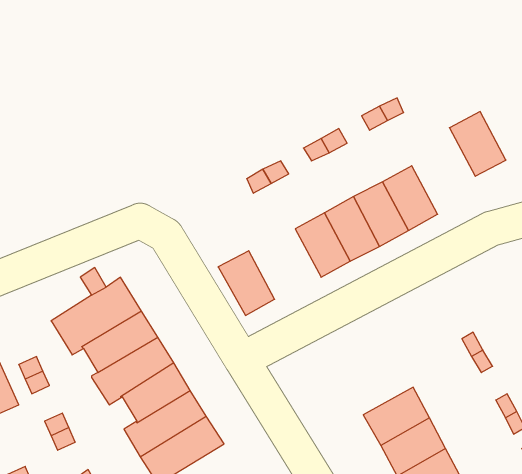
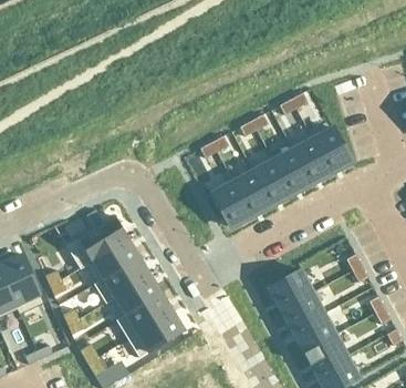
building: [449,112,506,176] -> [313,129,352,173]
building: [218,251,275,315] -> [212,183,251,227]
building: none -> [269,270,314,310]

